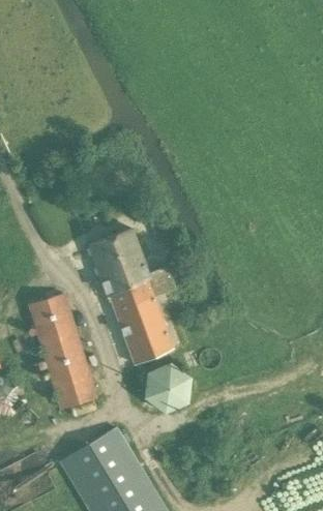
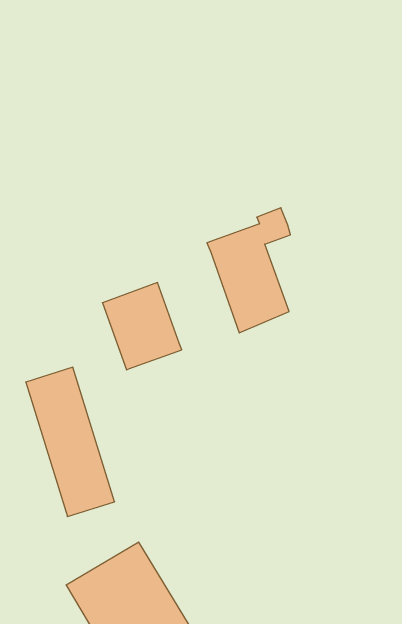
building: [110,268,174,364] -> [207,208,290,333]
building: [145,363,190,412] -> none

